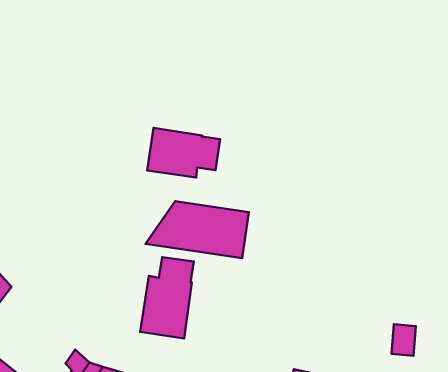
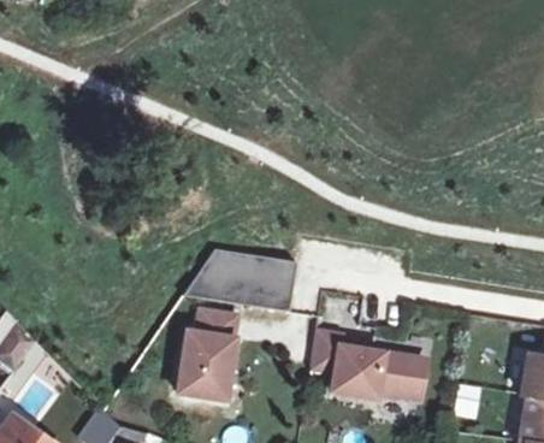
building: [147,128,220,177] -> none
building: none -> [311,331,425,397]

